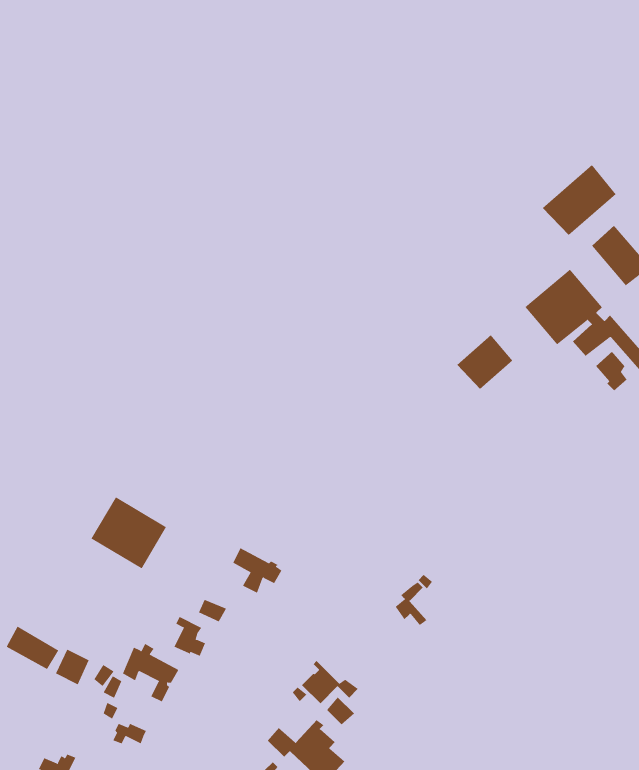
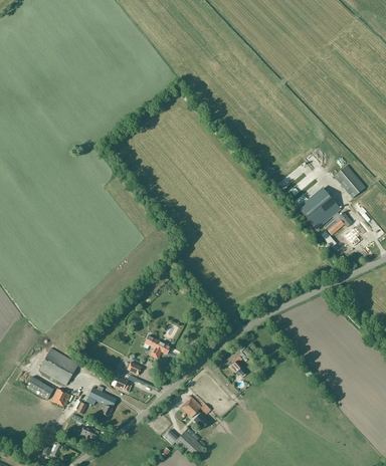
building: [542,164,616,236] -> none
building: [456,335,513,390] -> none
building: [91,497,167,569] -> [38,347,78,386]

